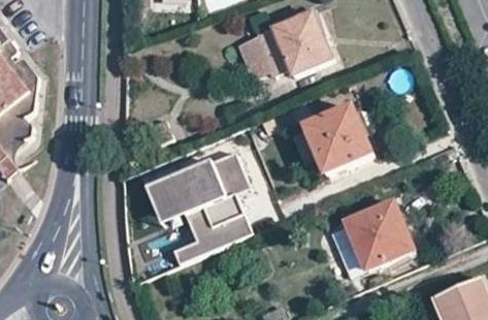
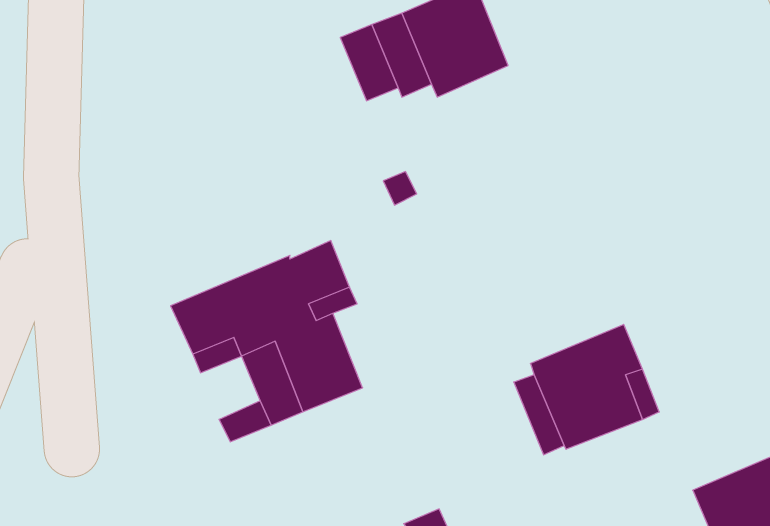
building: [302,105,371,174] -> none

